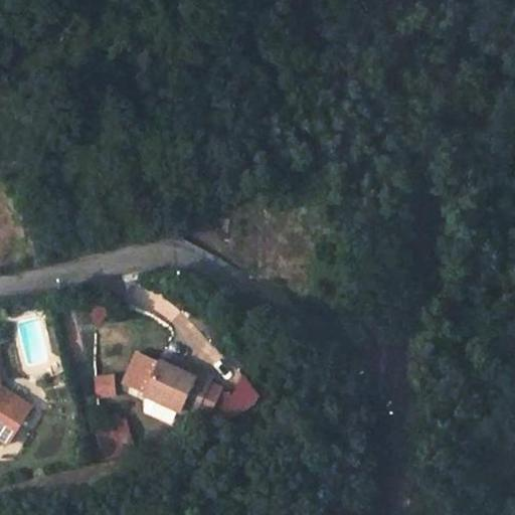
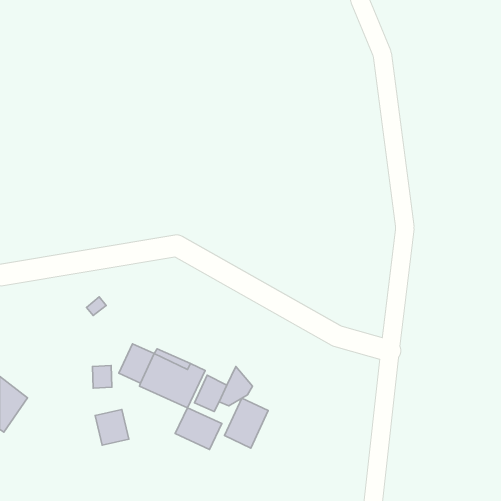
building: none -> [225,398,268,448]
building: none -> [175,408,222,449]

